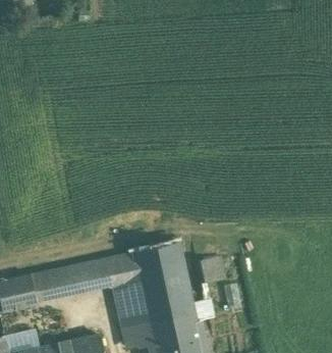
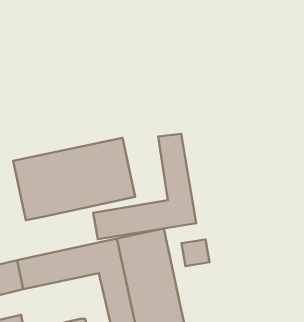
building: none -> [93,134,196,239]
building: none -> [13,138,135,220]

